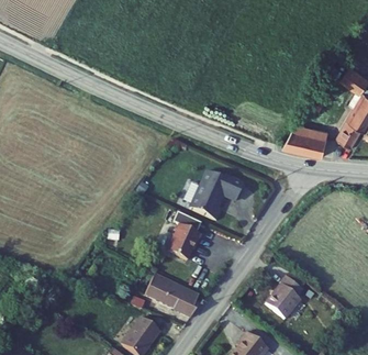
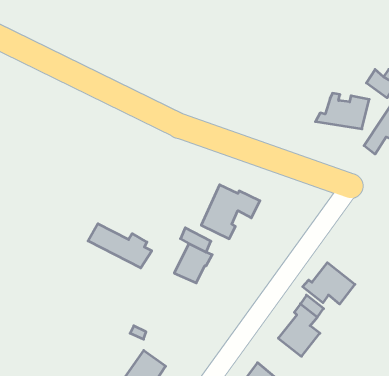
building: [282,123,331,155] -> [315,93,369,129]
building: none -> [303,263,355,304]
building: [144,276,201,315] -> [88,224,152,268]

